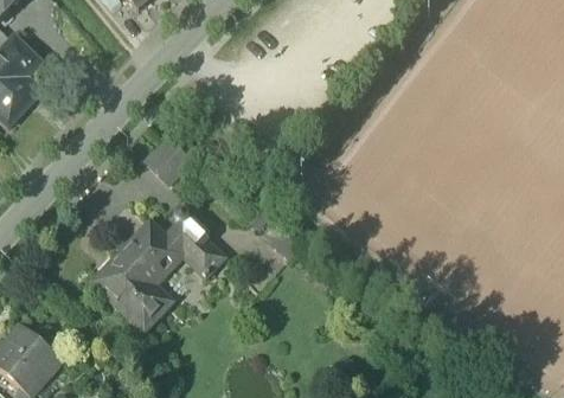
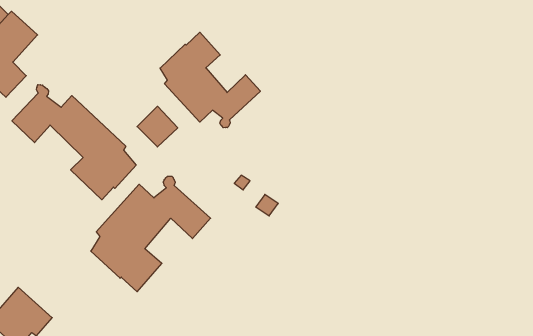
building: none -> [160,32,260,128]
building: none -> [12,85,136,200]

